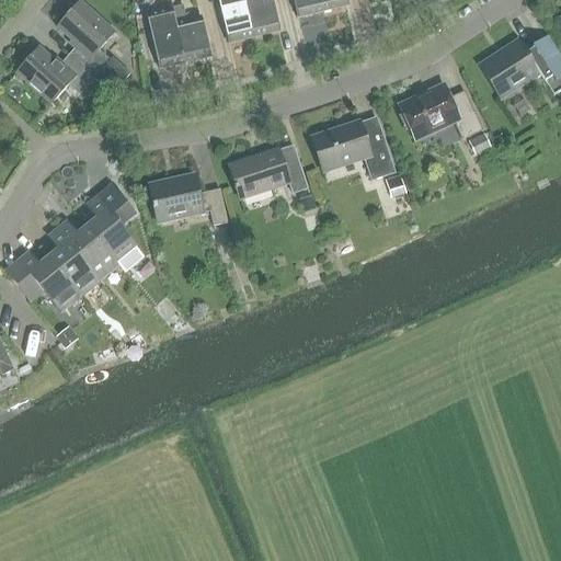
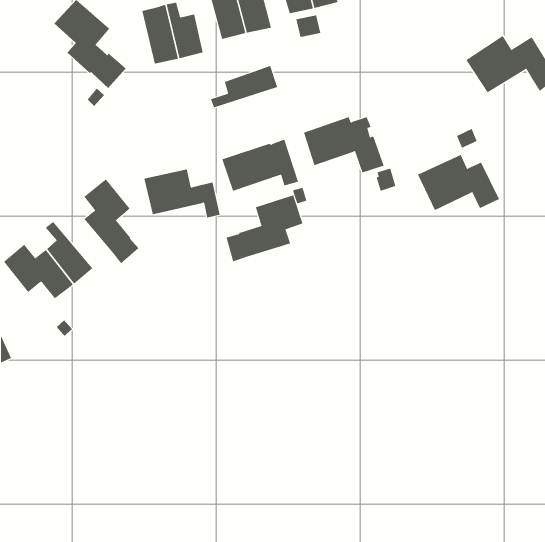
building: [16,45,94,102] -> none
building: none -> [210,65,278,108]
building: [399,81,483,139] -> [417,154,500,211]
building: none -> [226,195,303,262]
building: [57,219,117,275] -> none

